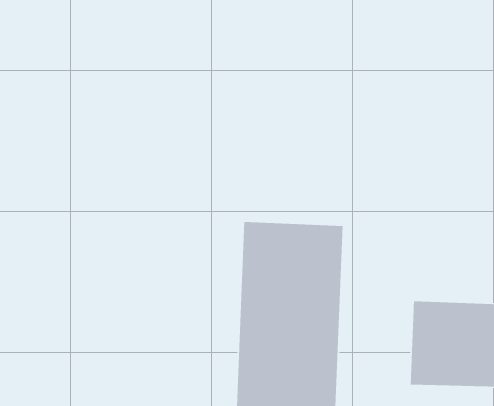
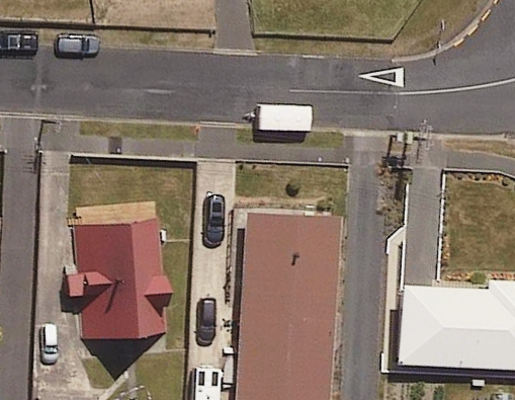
building: none -> [72,214,165,340]

